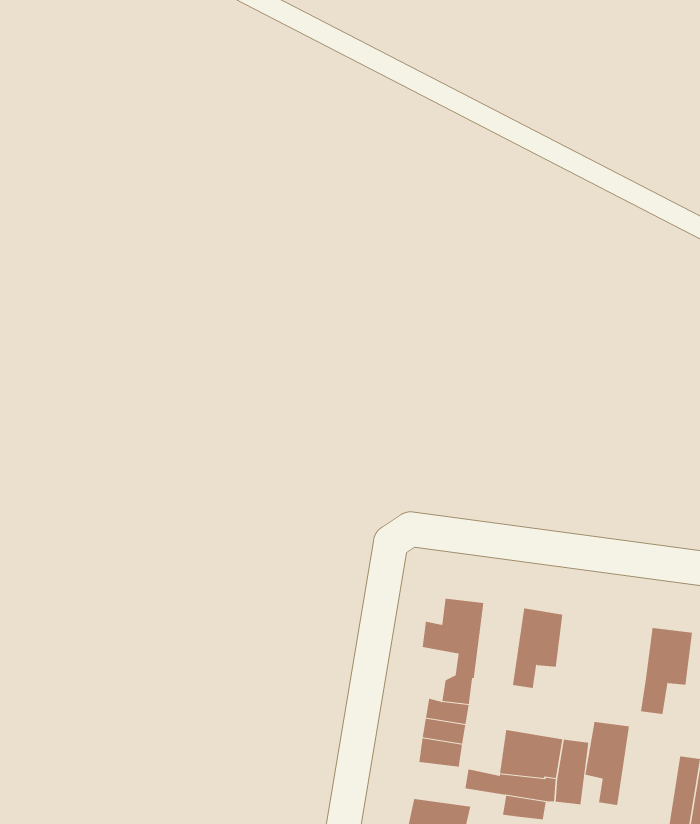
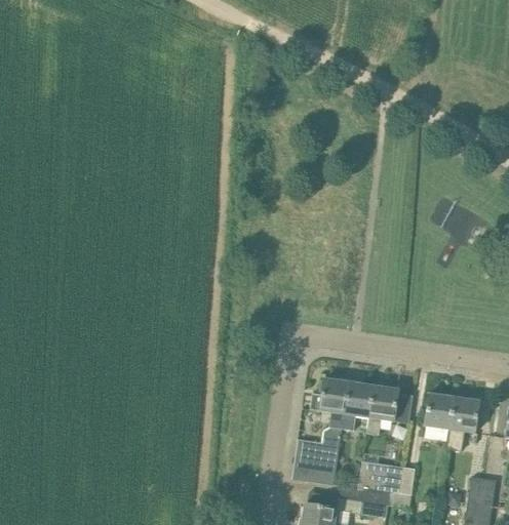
building: none -> [343,380,374,430]
building: none -> [425,392,454,428]
building: [585,721,629,806] -> none

